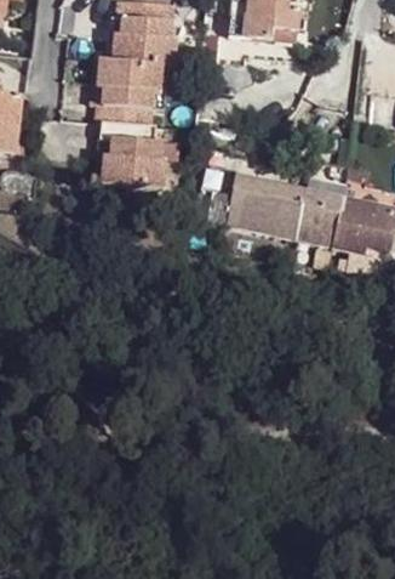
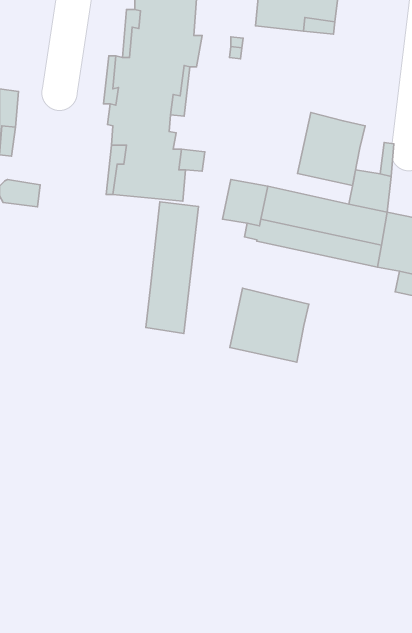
building: none -> [298,112,365,186]
building: none -> [146,202,198,333]
building: none -> [230,288,309,362]

